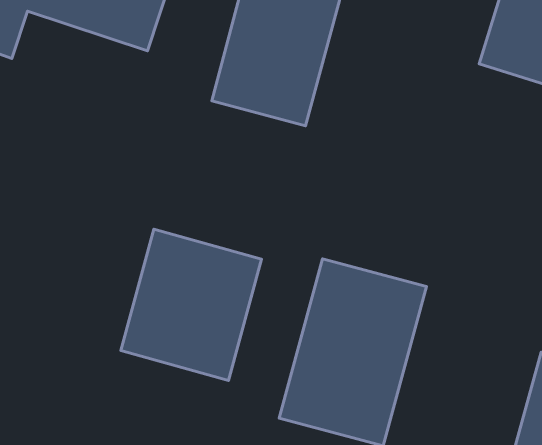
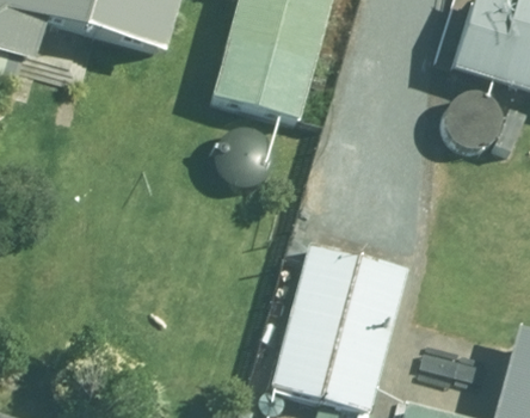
building: [121,229,261,380] -> none

